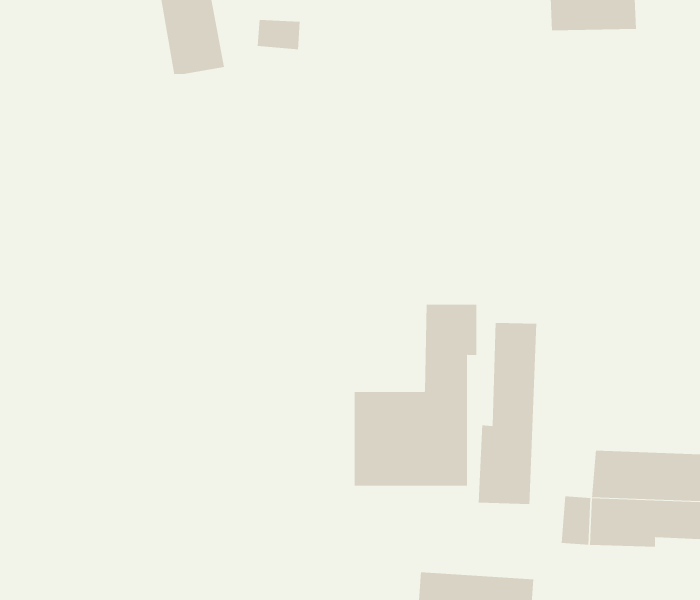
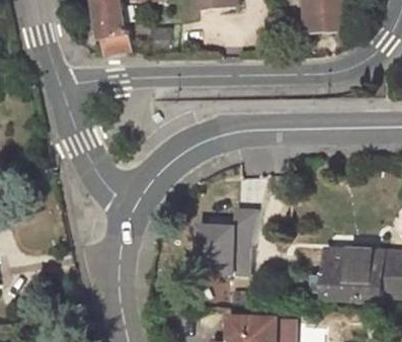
building: [478,322,537,505] -> none

